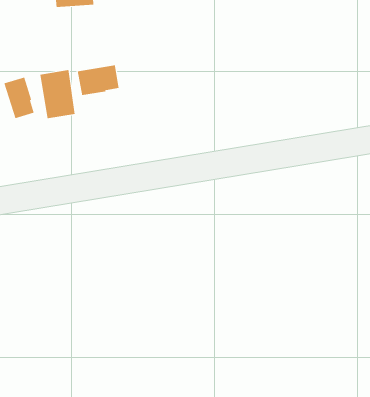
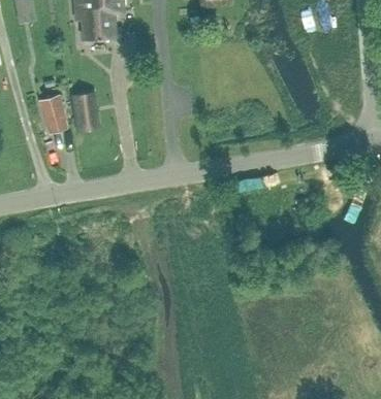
building: [77,65,119,96] -> none

